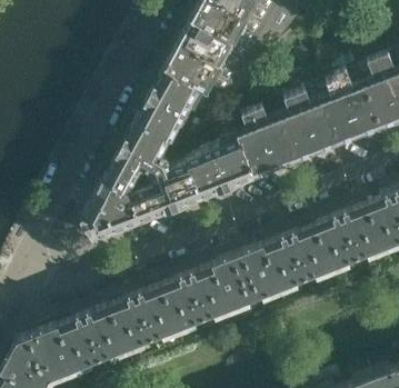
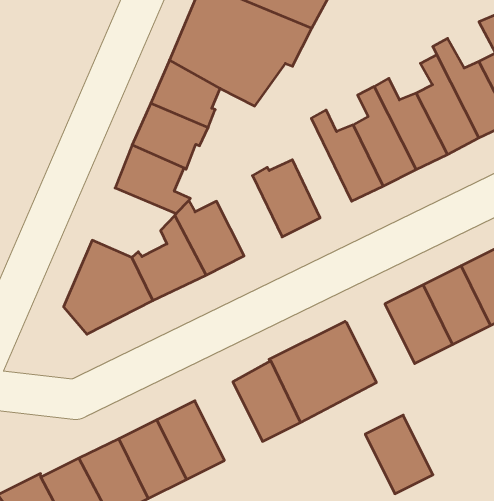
building: [236,113,272,178] -> none
building: [103,147,159,192] -> none
building: [184,147,226,198] -> none
building: [262,237,303,287] -> [365,415,433,494]
building: [160,278,201,328] -> none

